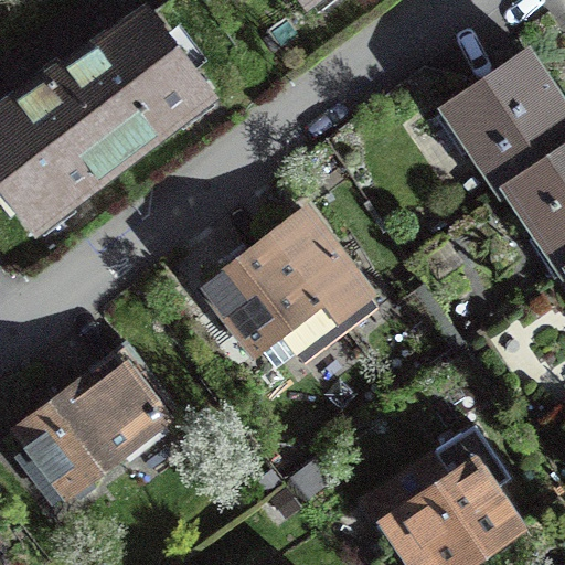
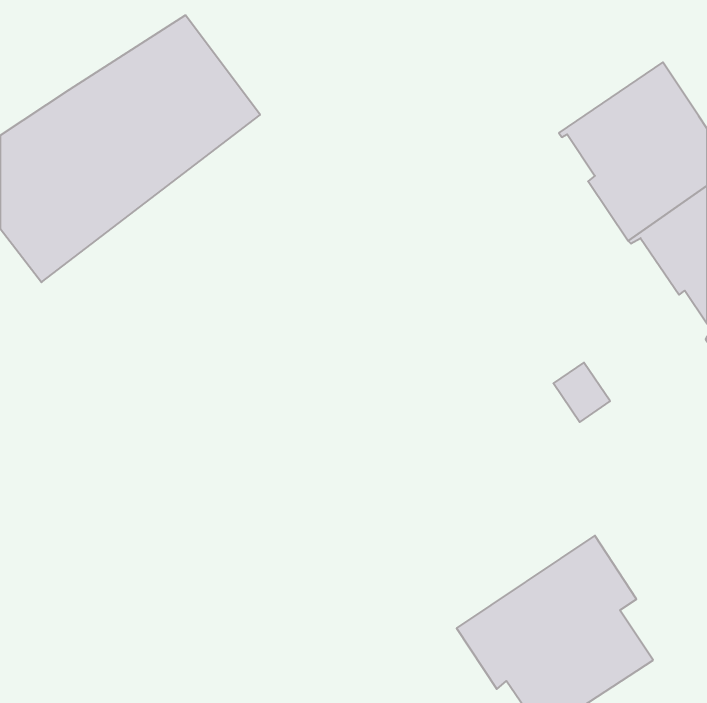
building: [203,213,376,365] -> none
building: [15,348,178,504] -> none

